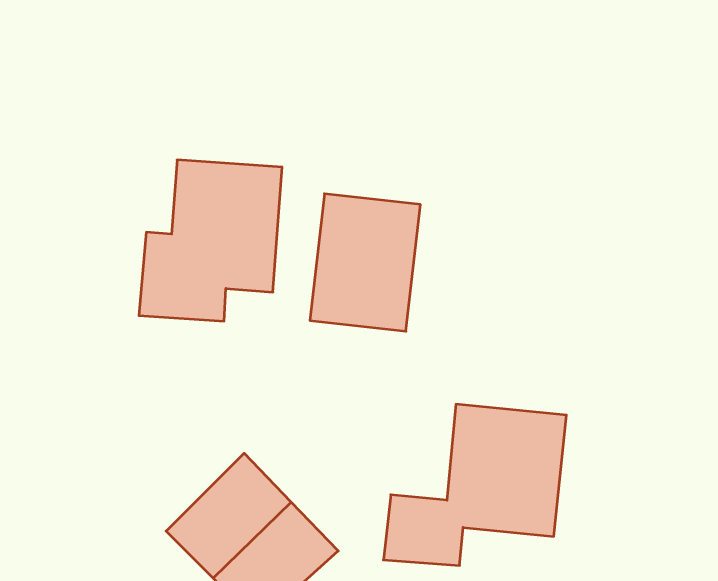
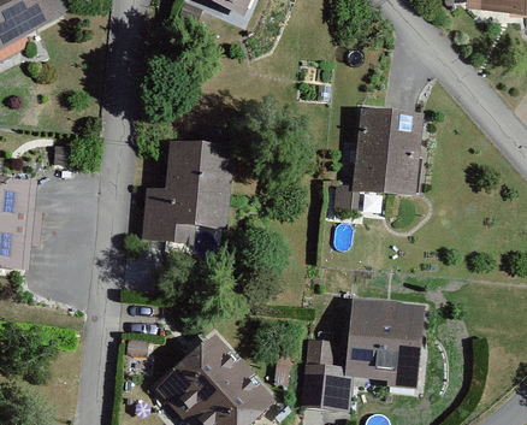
building: [310,194,420,331] -> [351,108,425,200]

